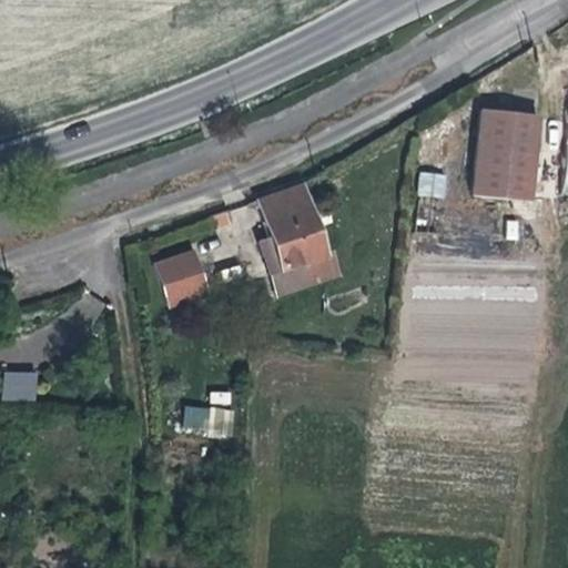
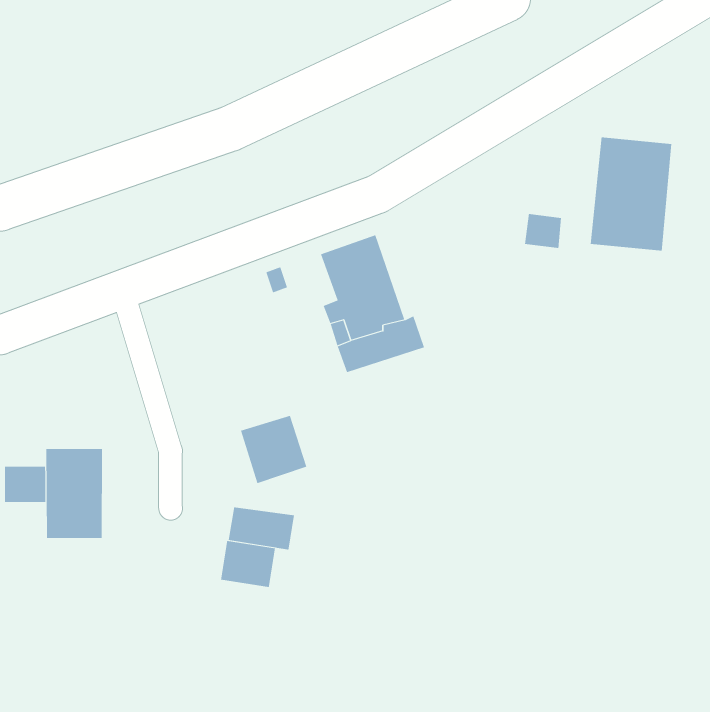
building: [156,251,210,305] -> [240,415,307,484]
building: none -> [46,448,103,539]
building: none -> [221,540,275,588]

